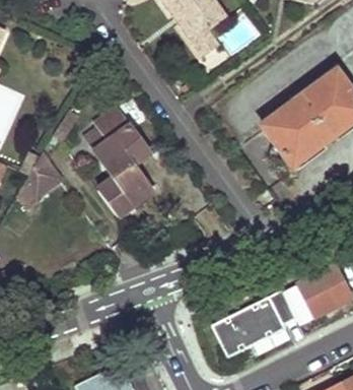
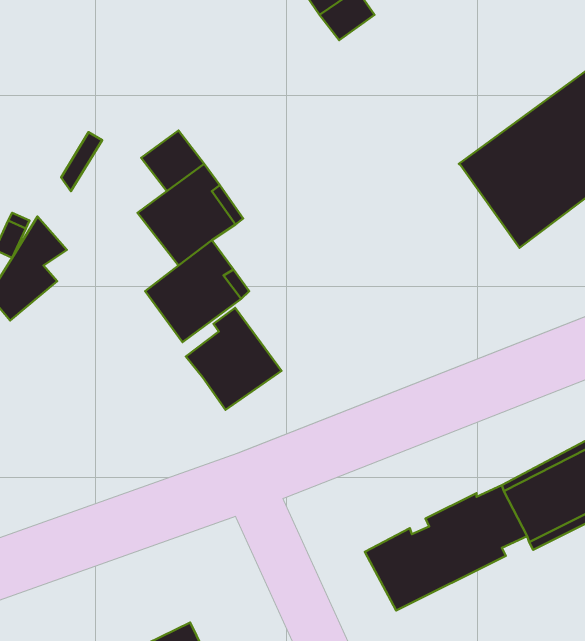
building: none -> [186,308,282,410]

